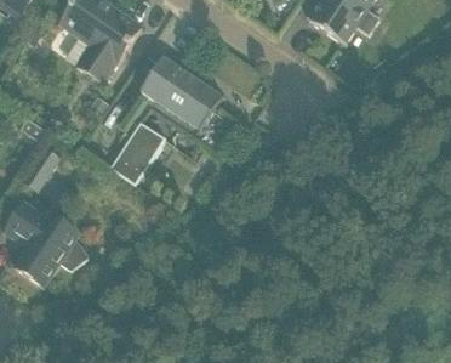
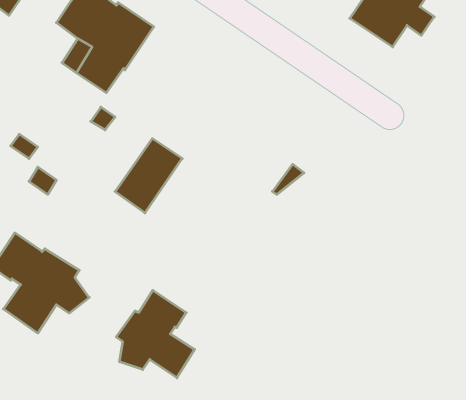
building: [138,55,222,130] -> none
building: none -> [116,290,195,378]

